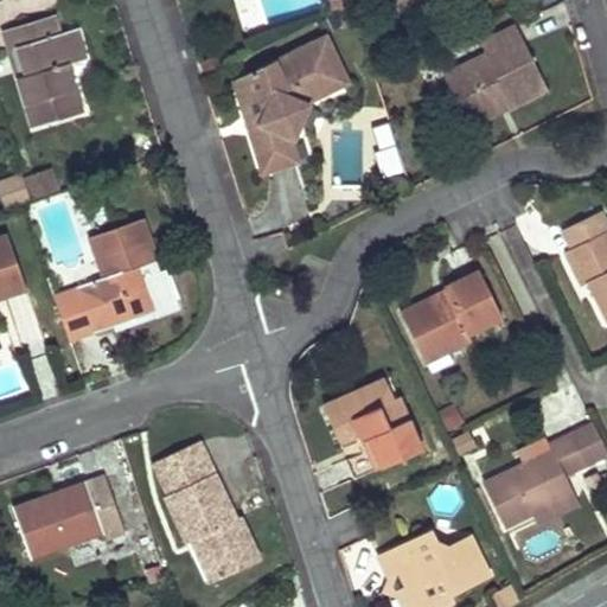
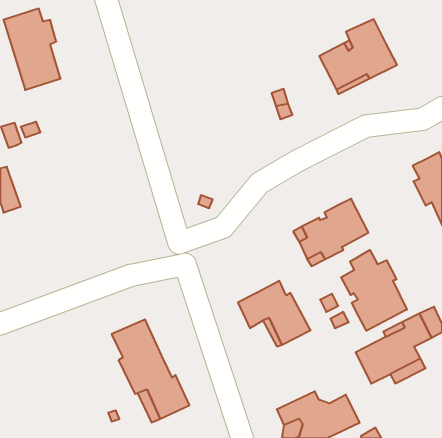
building: [231,38,344,174] -> none
building: [55,216,180,334] -> none
building: none -> [341,250,407,331]
building: [14,473,126,555] -> none

